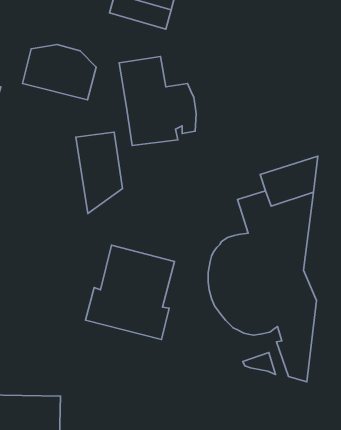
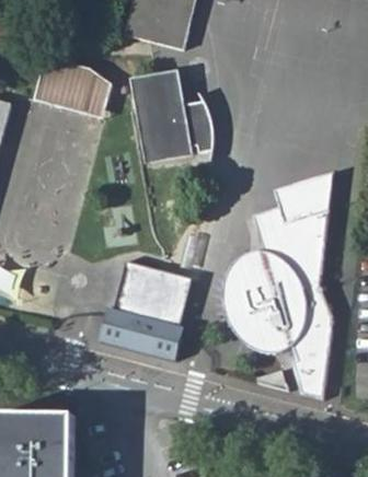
building: [76,132,123,213] -> none

